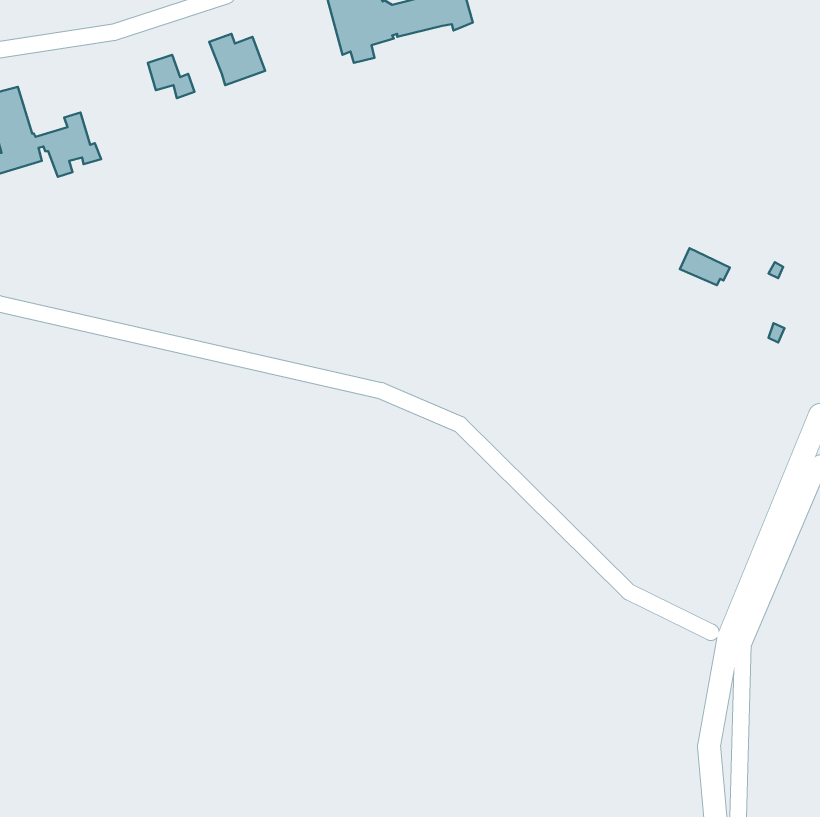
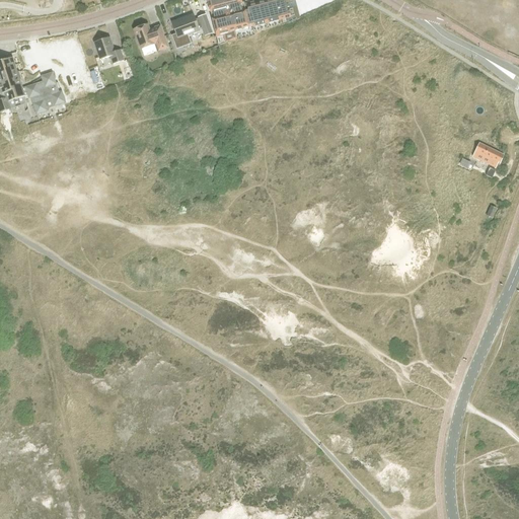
building: none -> [170,12,211,46]
building: [680,248,730,285] -> [471,141,503,164]

